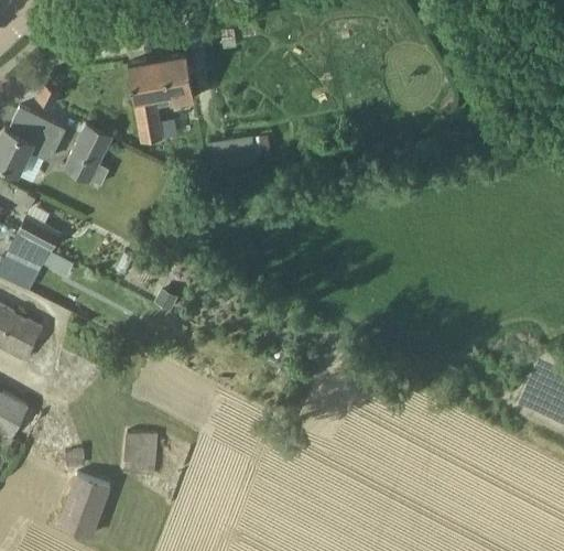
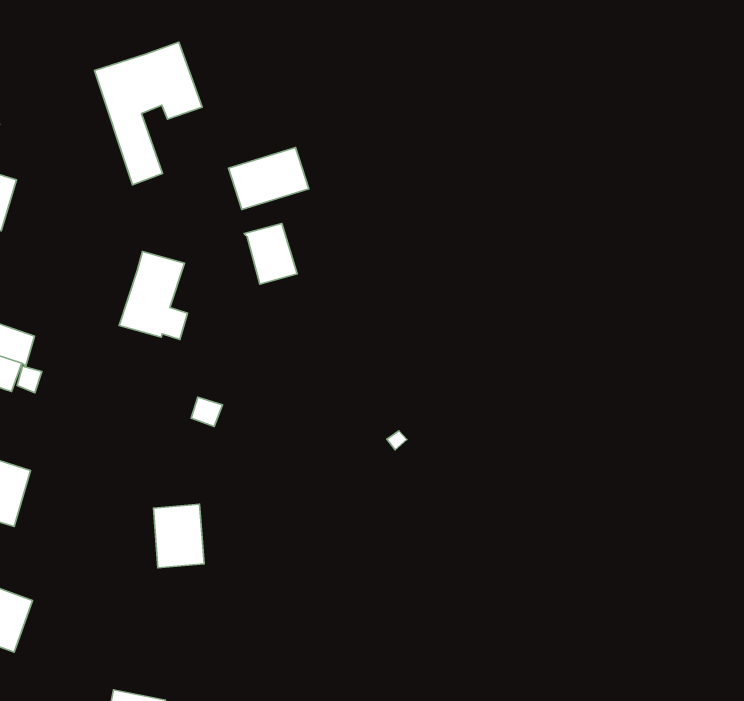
building: [63,126,112,187] -> [119,252,187,339]
building: none -> [244,223,297,284]
building: [124,432,159,474] -> [153,504,204,568]

